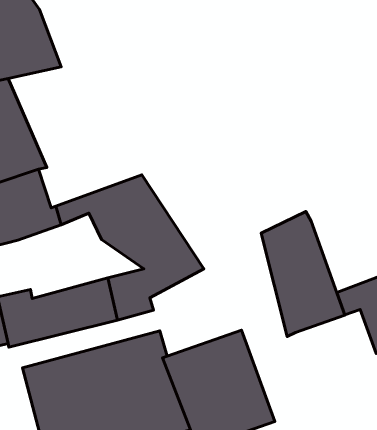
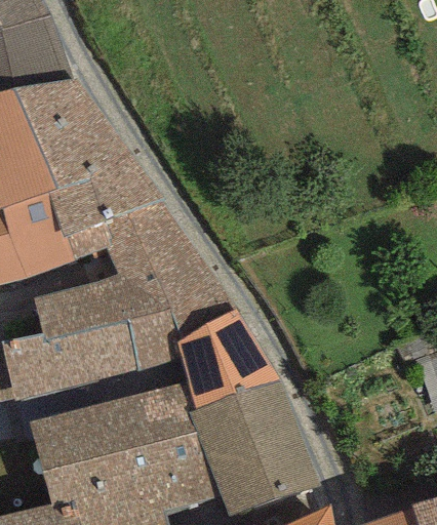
building: none -> [13,81,166,242]
building: [261,211,345,337] -> none
building: none -> [33,278,168,346]
building: none -> [175,312,280,411]

